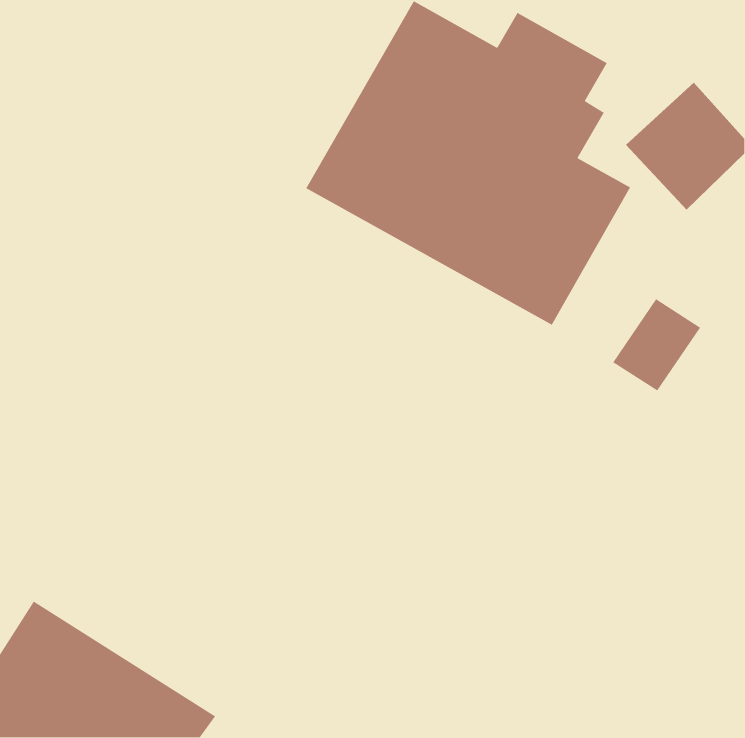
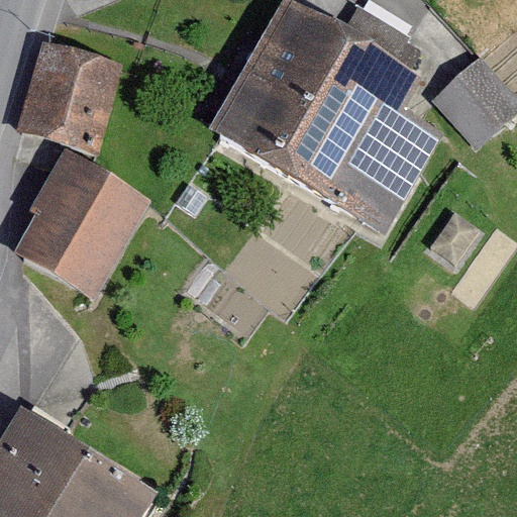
building: none -> [18,41,119,147]
building: none -> [13,153,145,296]

